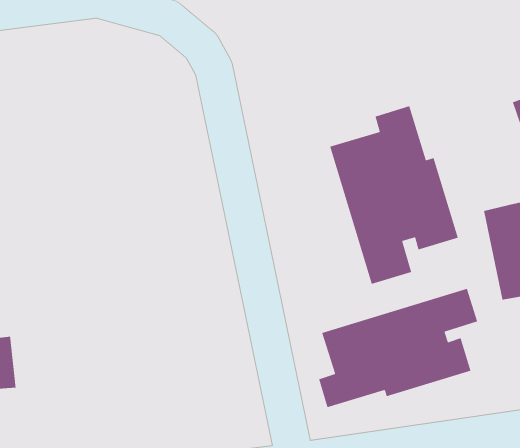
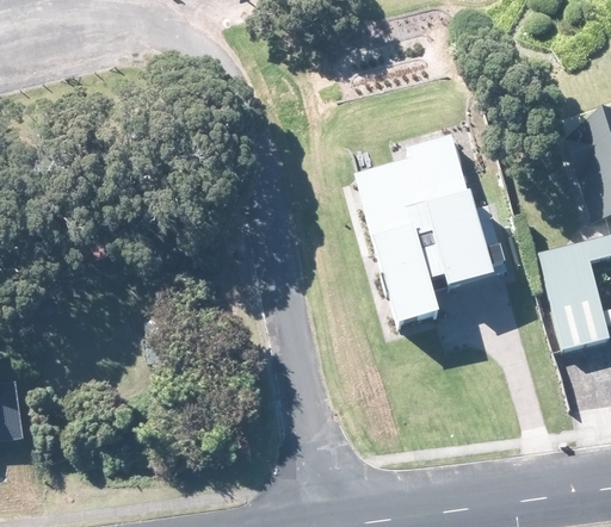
building: [318,288,478,408] -> none

